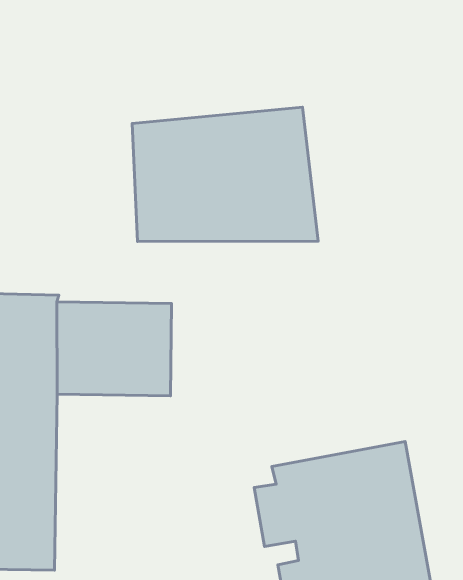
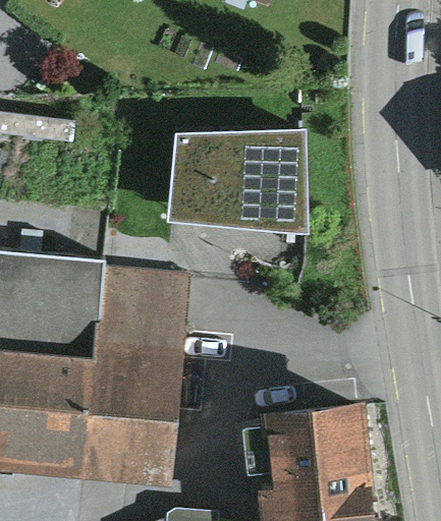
building: none -> [80,340,183,486]

